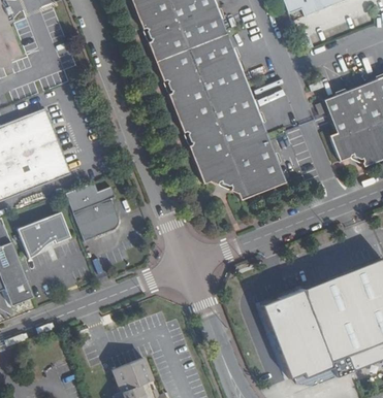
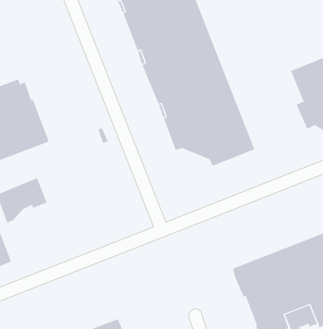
building: [64,180,119,241] -> none

